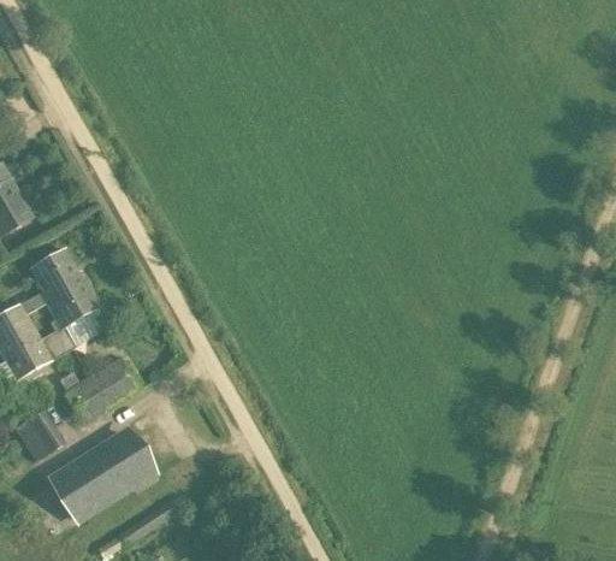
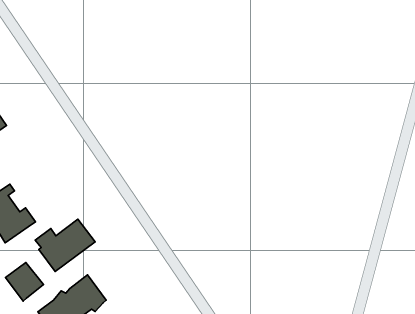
building: [30,249,108,354] -> none

